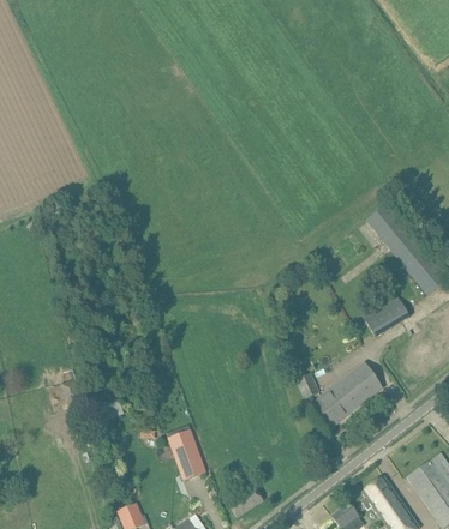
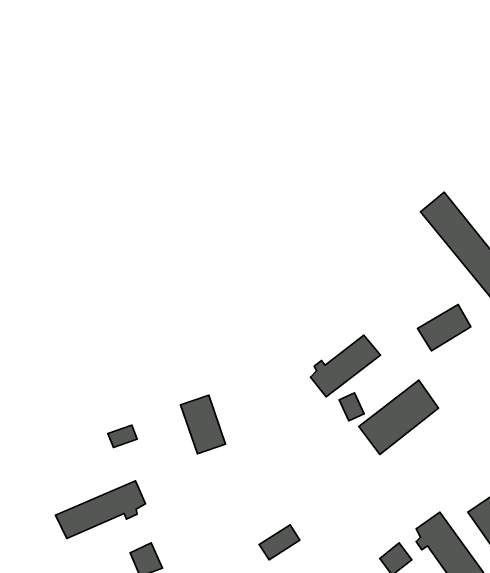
building: none -> [311,335,380,397]
building: [166,428,204,479] -> [181,395,226,454]
building: none -> [55,481,146,539]

